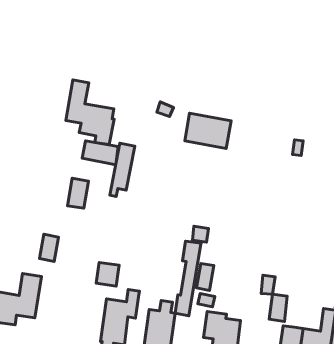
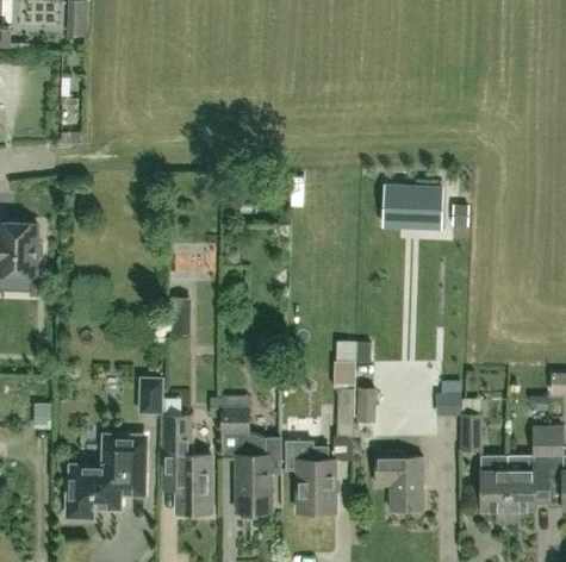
building: [66,80,114,144] -> none
building: [185,113,231,149] -> [382,187,441,227]
building: [110,143,135,196] -> none
building: none -> [163,414,211,512]

